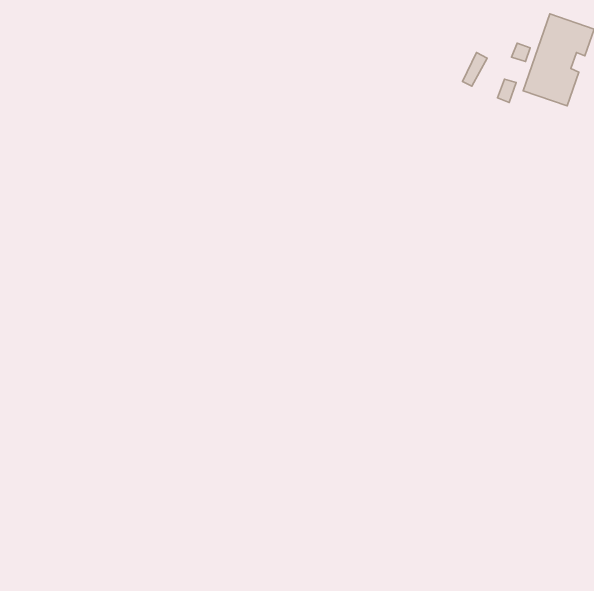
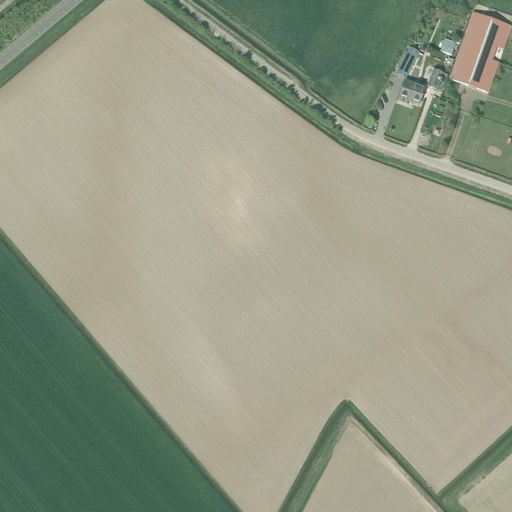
building: none -> [398,78,426,103]

